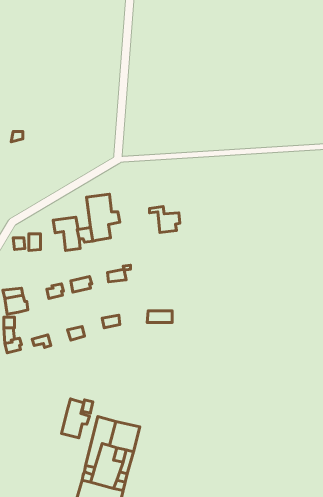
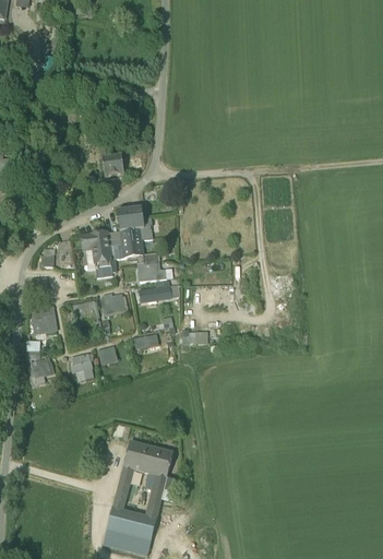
building: none -> [100,147,124,176]
building: [149,206,180,233] -> [129,254,160,282]
building: [61,399,89,438] -> none

